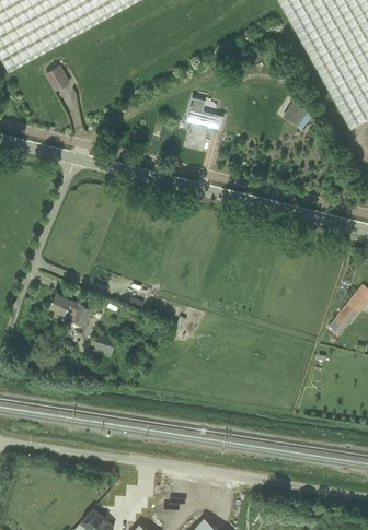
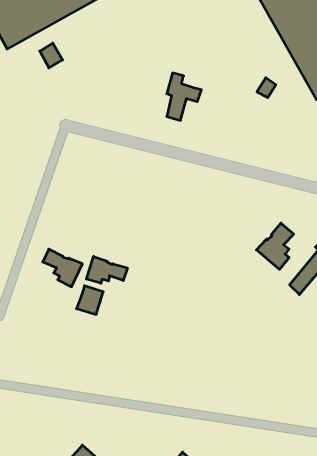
building: none -> [256,223,294,269]
building: none -> [86,256,127,283]

